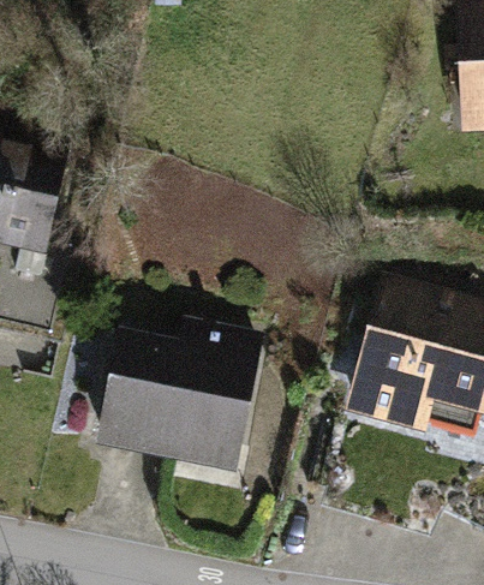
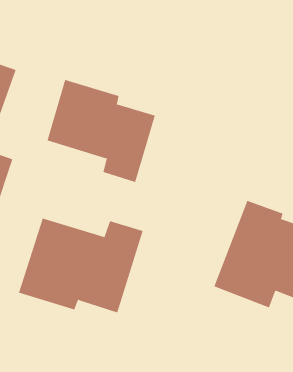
building: none -> [47,79,156,183]

